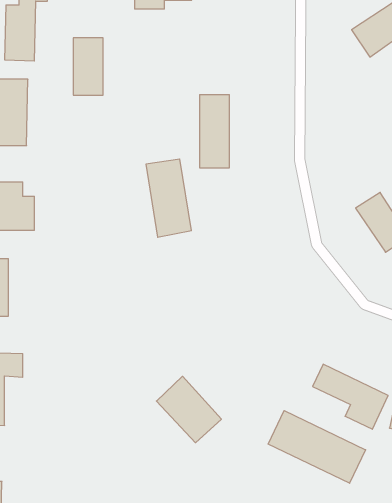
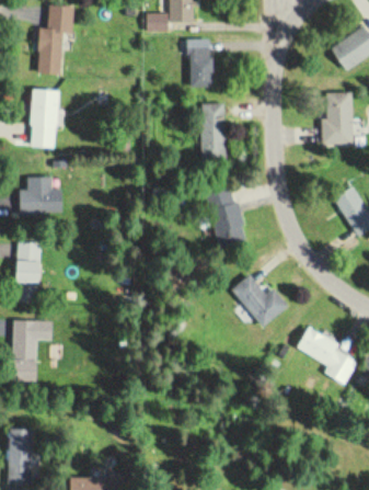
building: [73,38,103,95] -> [188,38,214,87]
building: none -> [323,91,353,144]
building: [146,159,191,237] -> [208,184,246,250]
building: [156,376,221,443] -> [232,271,287,327]
building: [268,411,366,483] -> none

